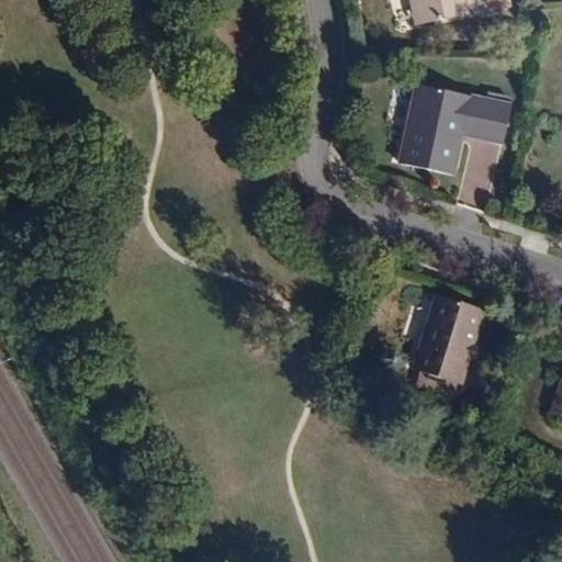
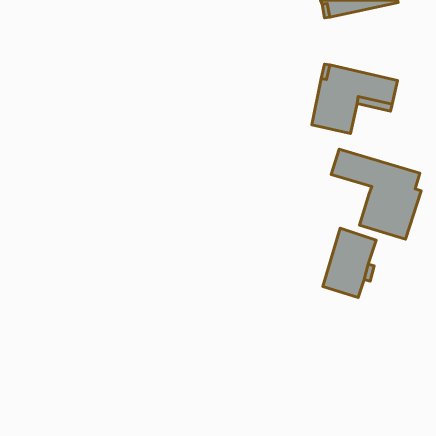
building: none -> [331,149,421,239]

